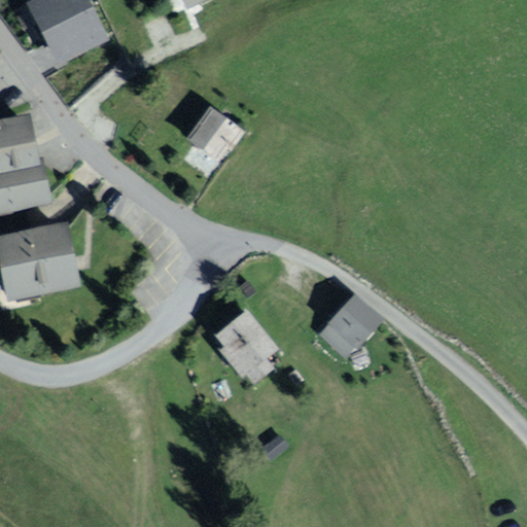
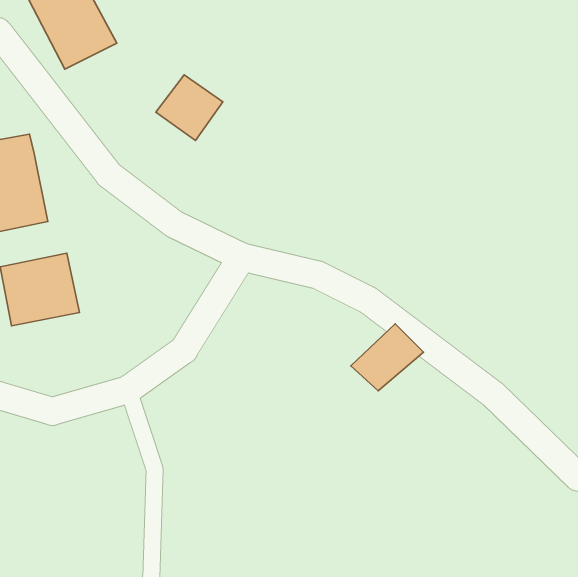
building: [182,104,243,164] -> [156,75,223,141]
building: [222,314,277,370] -> none

